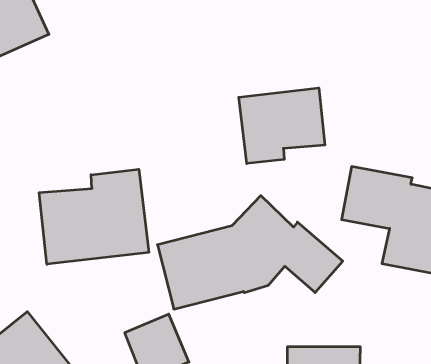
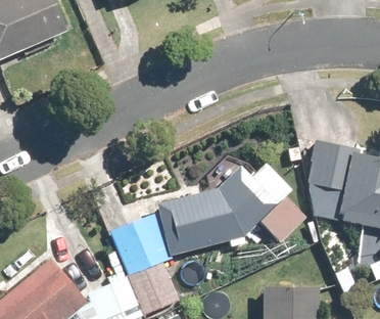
building: [239,88,325,164] -> none
building: [39,169,149,264] -> none

